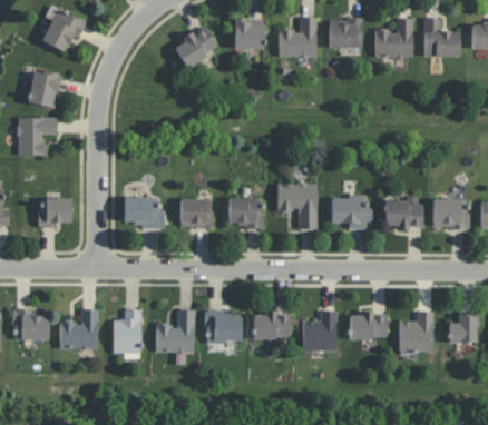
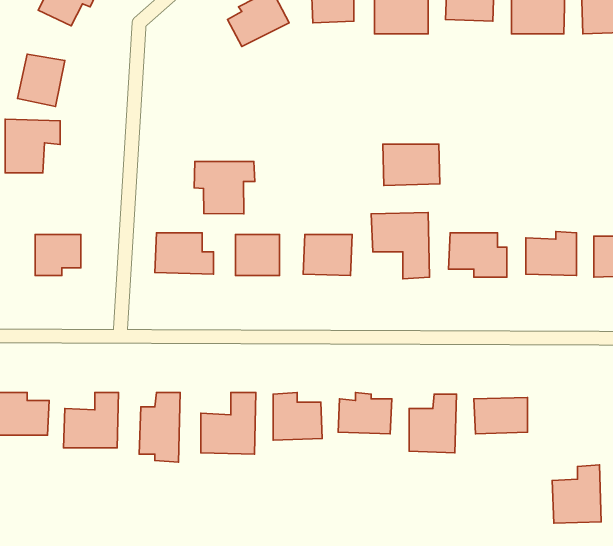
building: none -> [383,144,440,185]
building: none -> [194,161,255,214]
building: [399,310,433,352] -> [552,465,601,523]

